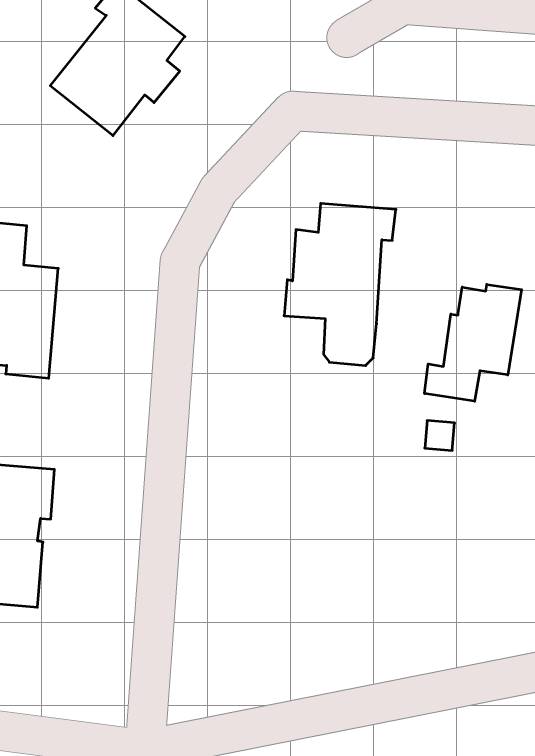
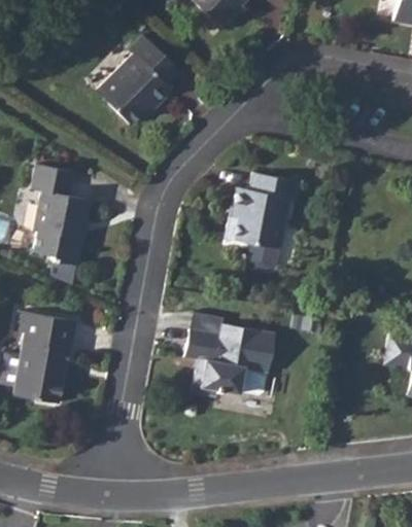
building: [425,284,522,401] -> none
building: none -> [188,314,278,397]

